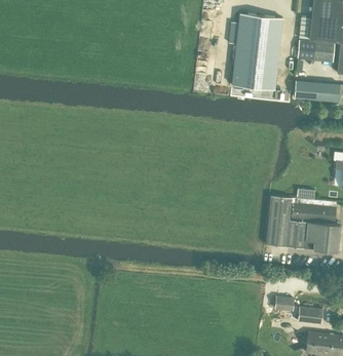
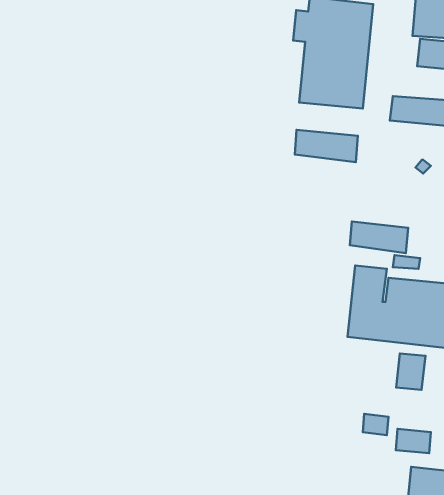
building: none -> [295,130,358,162]
building: none -> [350,221,408,253]
building: none -> [396,353,425,390]

